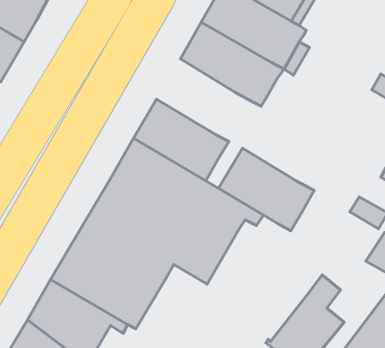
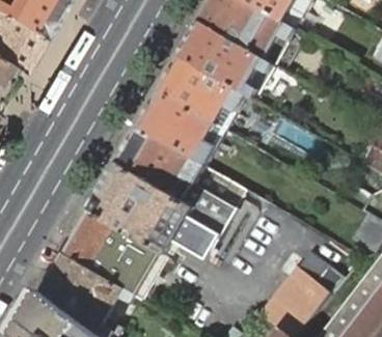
building: [218,148,314,231] -> [162,55,248,130]

